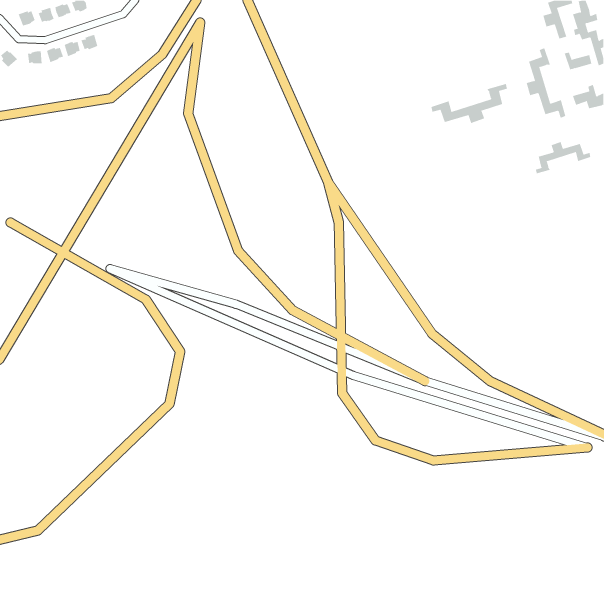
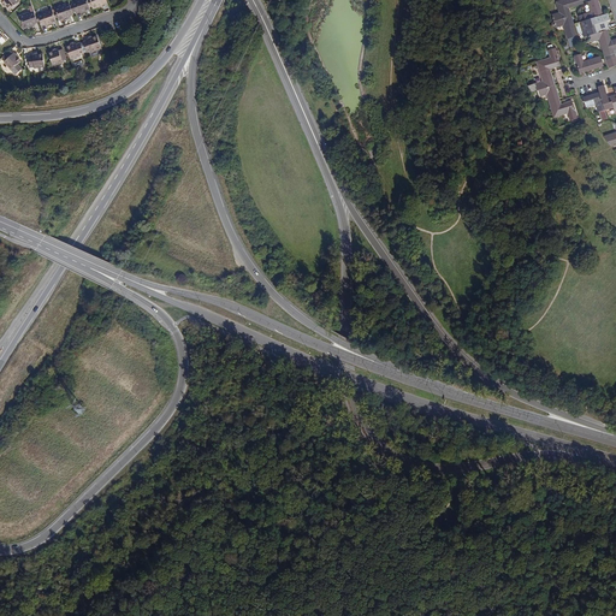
building: [431,83,508,124] -> none
building: [535,141,591,174] -> none

